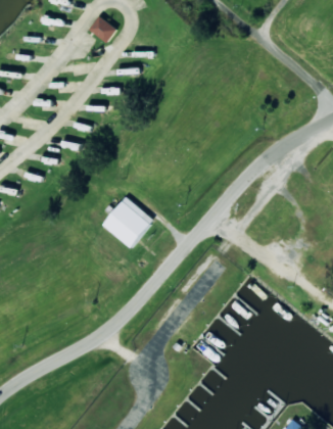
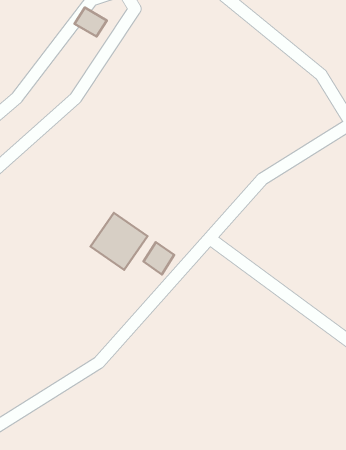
building: none -> [143,242,174,274]

